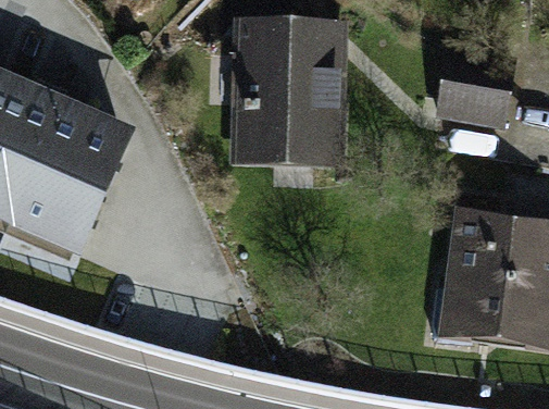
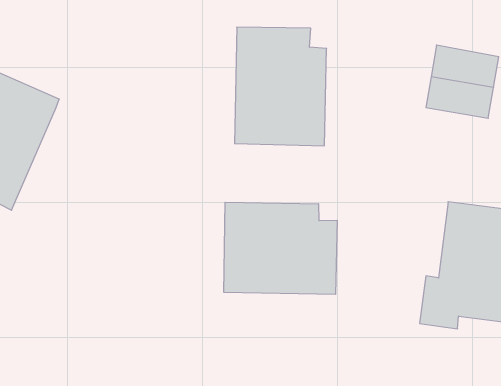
building: [13,115,124,249] -> none
building: none -> [224,202,337,294]

